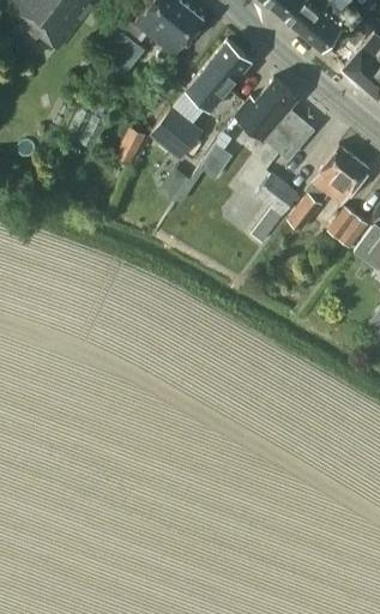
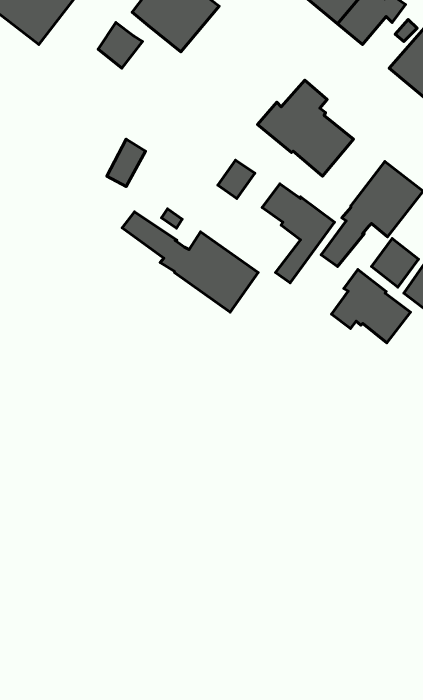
building: [187,41,248,110] -> none
building: [150,107,203,159] -> none
building: none -> [122,212,258,312]
building: none -> [331,269,410,343]

